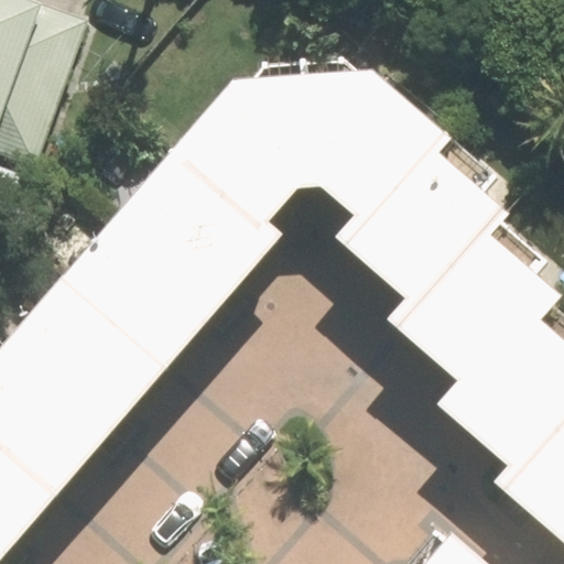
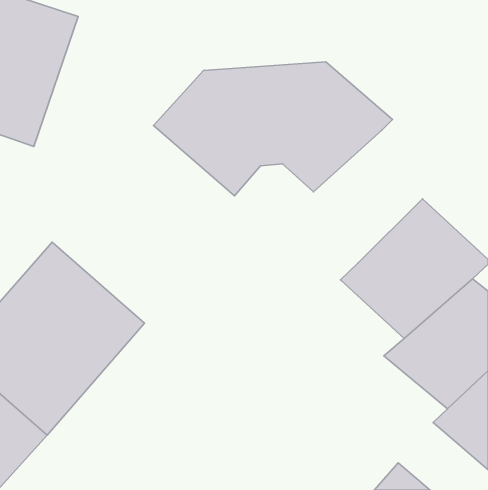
building: [59,143,282,369] -> none
building: [336,149,503,301] -> none

